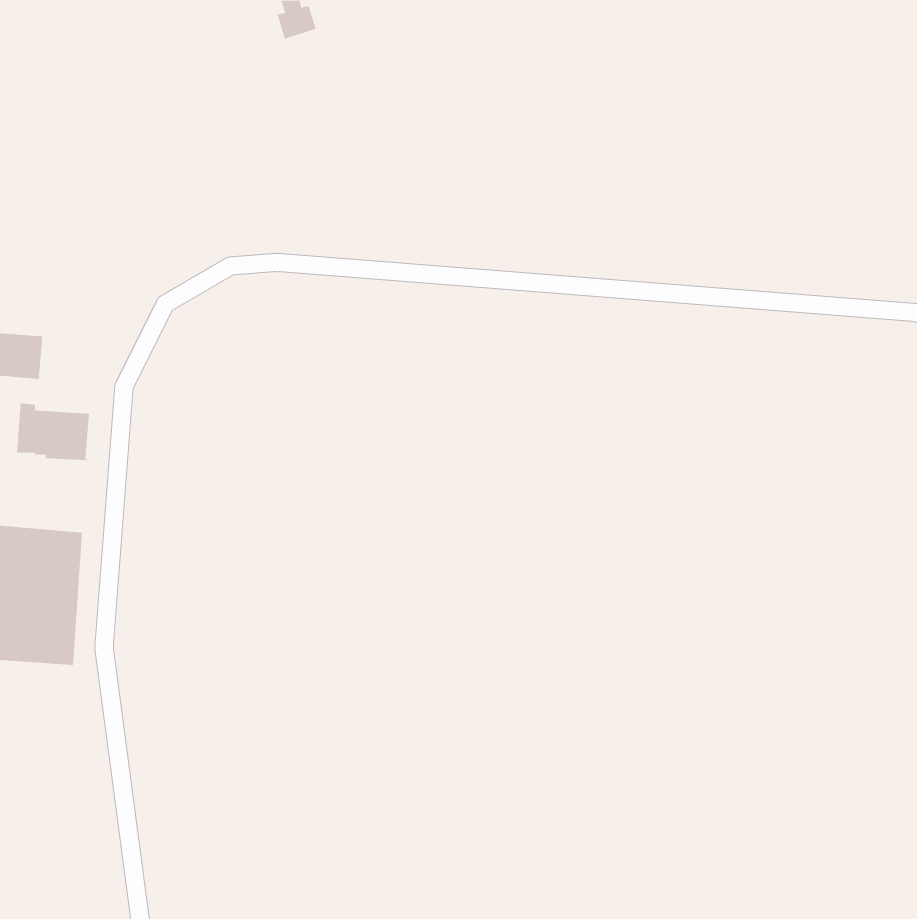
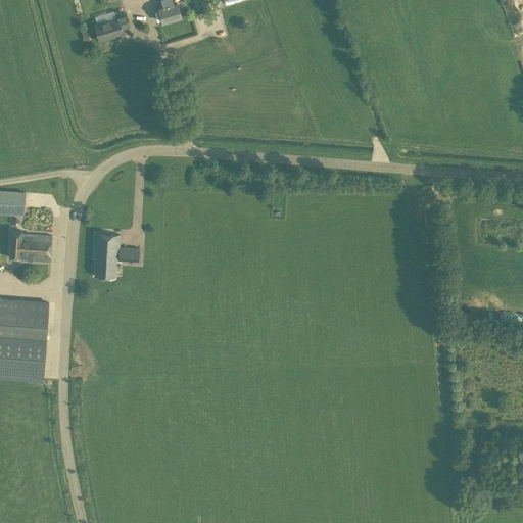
building: none -> [94,12,128,41]
building: none -> [93,233,140,276]

